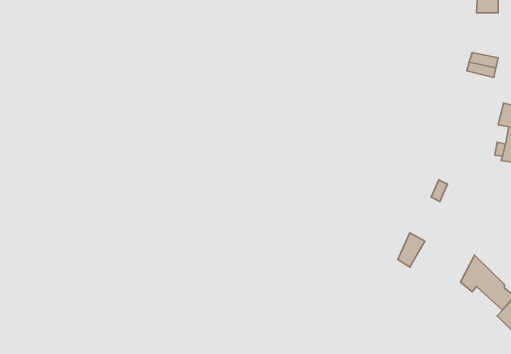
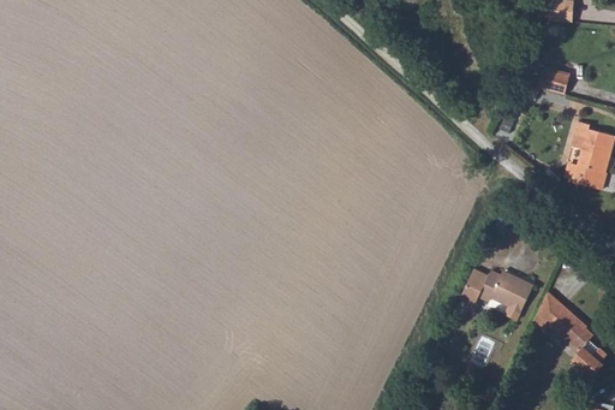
building: none -> [479,271,535,310]

